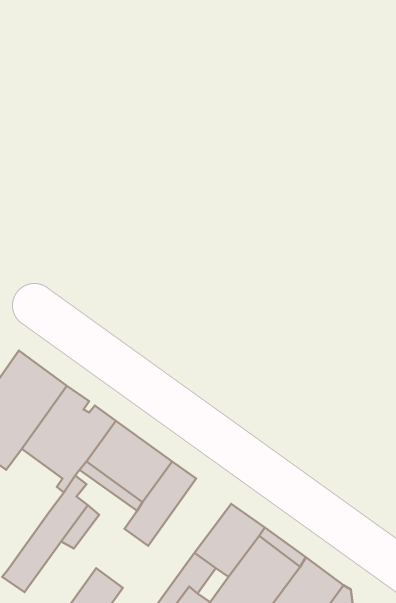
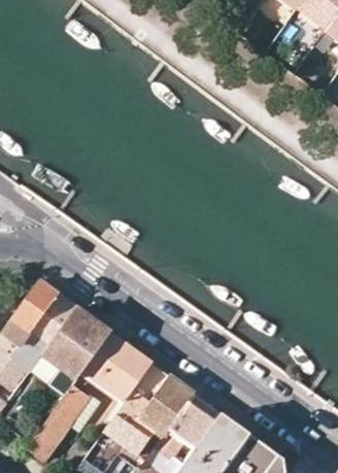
building: none -> [103,376,195,455]

